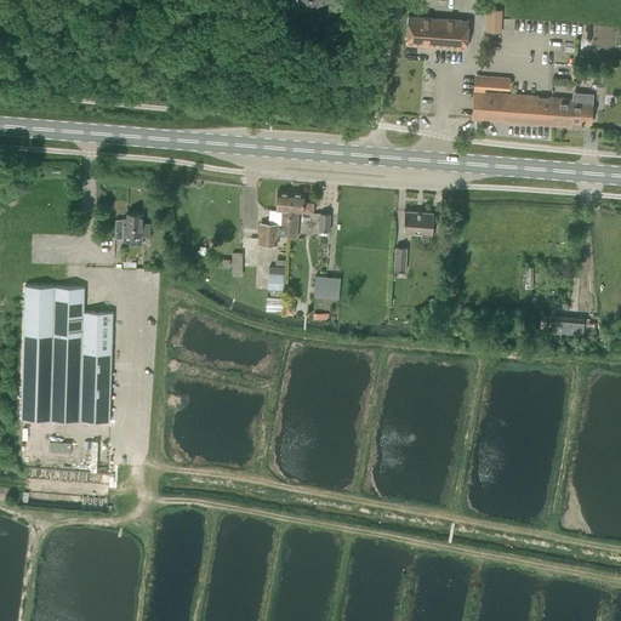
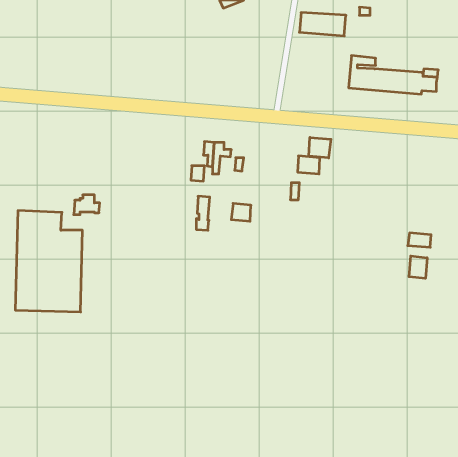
building: none -> [309,137,331,158]
building: [114,213,149,240] -> [74,195,100,215]
building: none -> [409,256,427,278]

